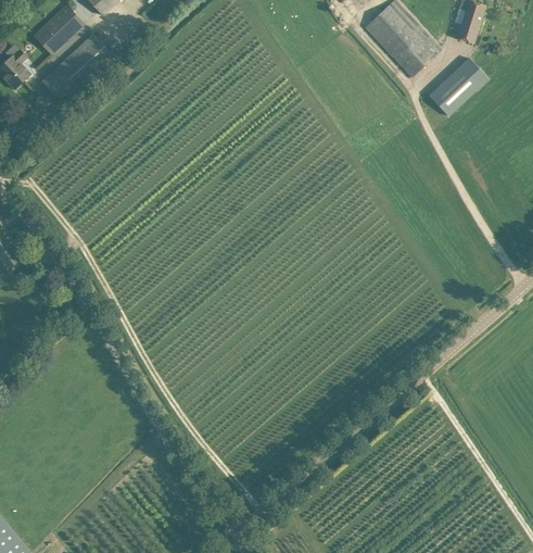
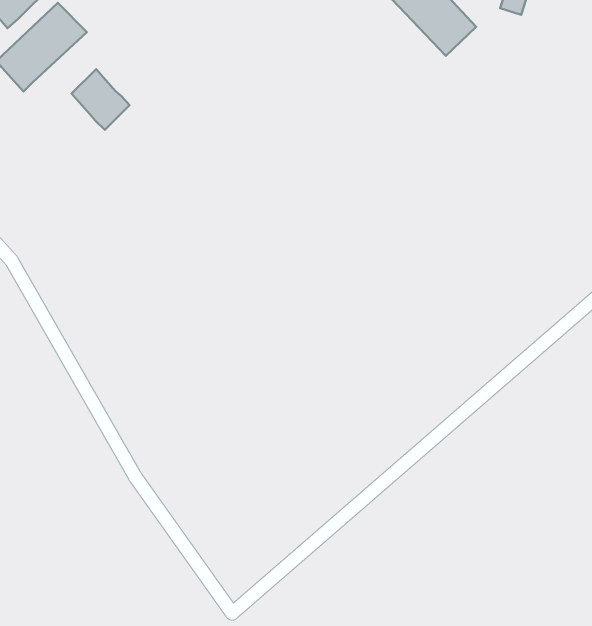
building: [428,56,486,115] -> none
building: none -> [71,69,129,130]

